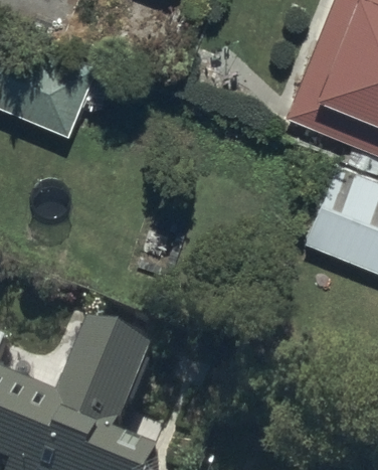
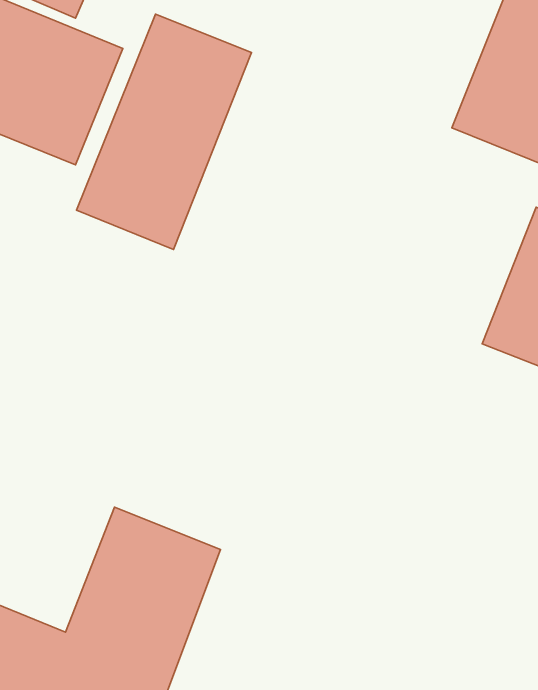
building: none -> [77,14,251,249]

